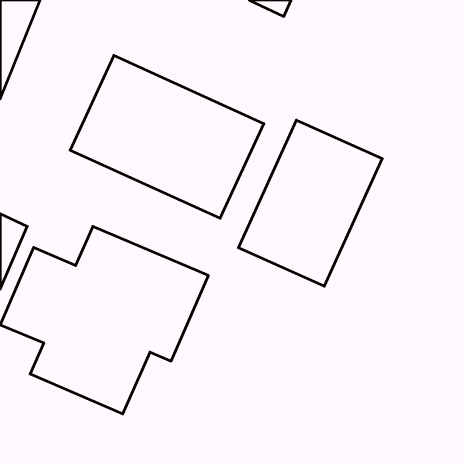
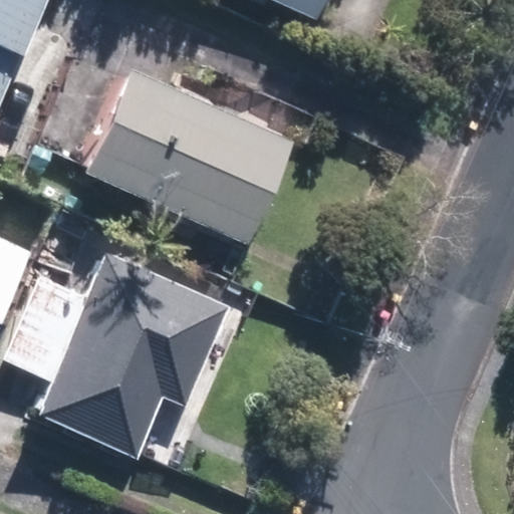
building: [238,120,382,286] -> none

